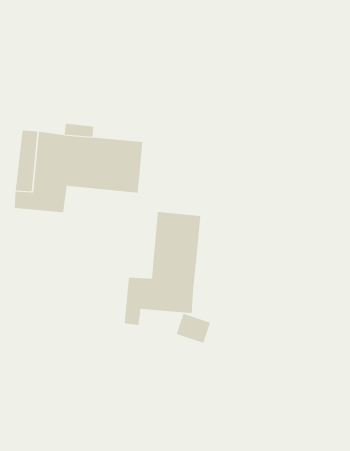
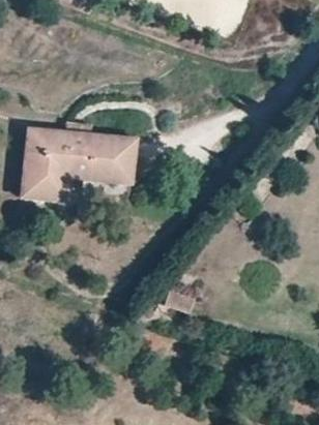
building: [124,211,201,326] -> none

